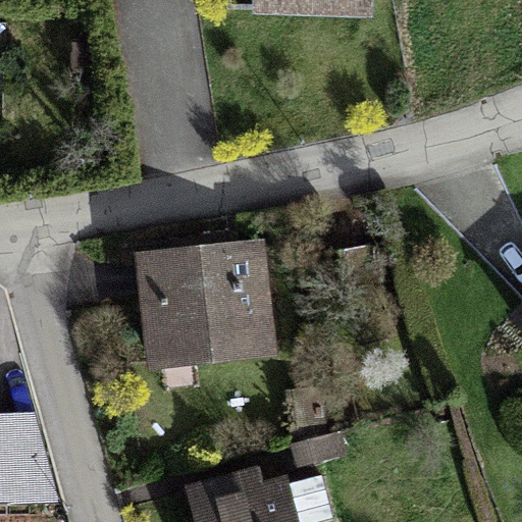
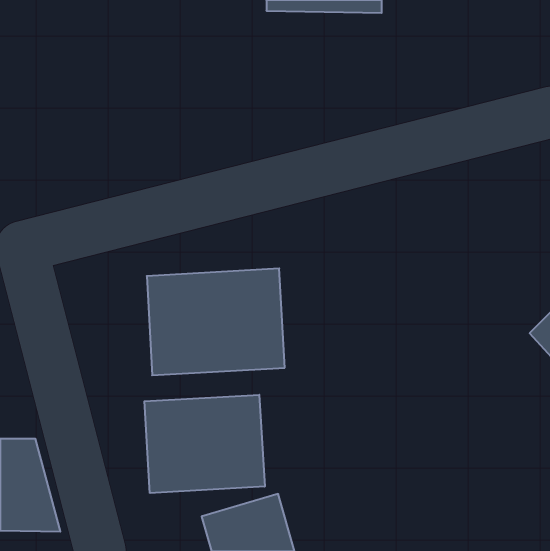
building: none -> [144,395,265,493]

